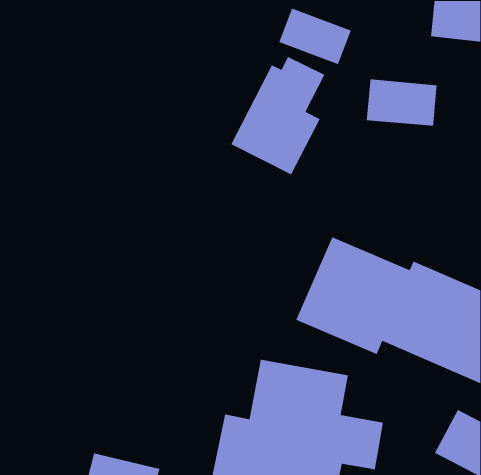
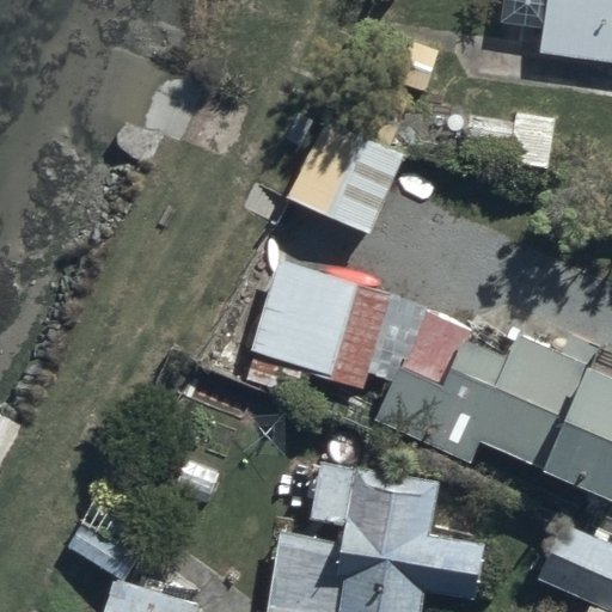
building: none -> [239,263,388,400]

